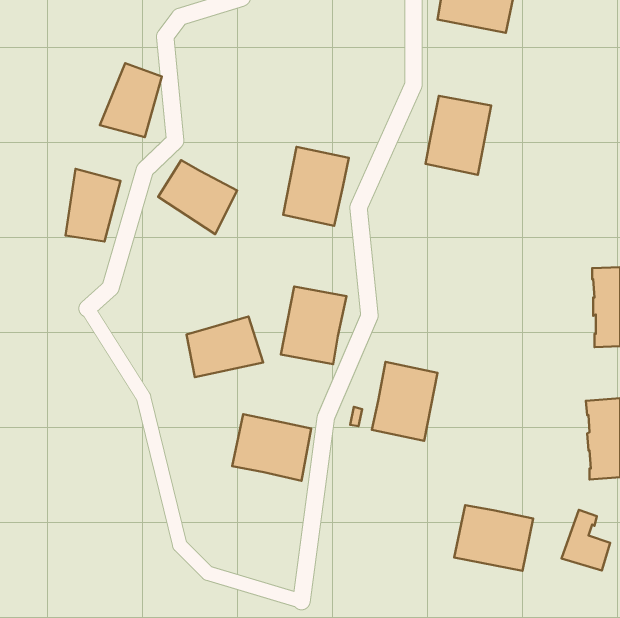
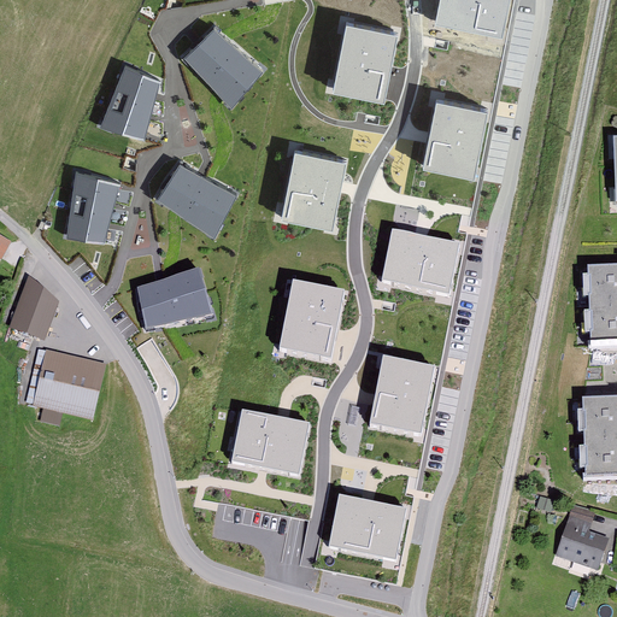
building: none -> [331,19,396,96]
building: none -> [182,24,262,102]
building: none -> [381,231,459,296]
building: none -> [13,281,54,336]
building: [186,316,263,377] -> [136,270,212,330]
building: none -> [33,349,106,423]
building: [454,505,533,571] -> [328,496,406,562]

